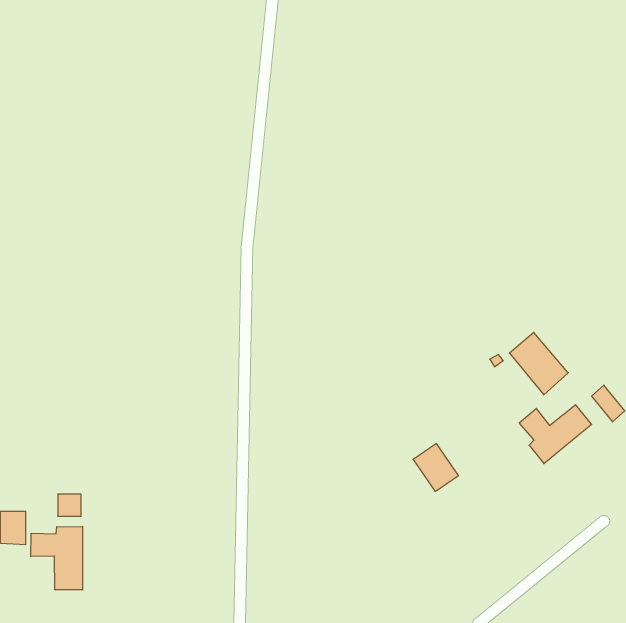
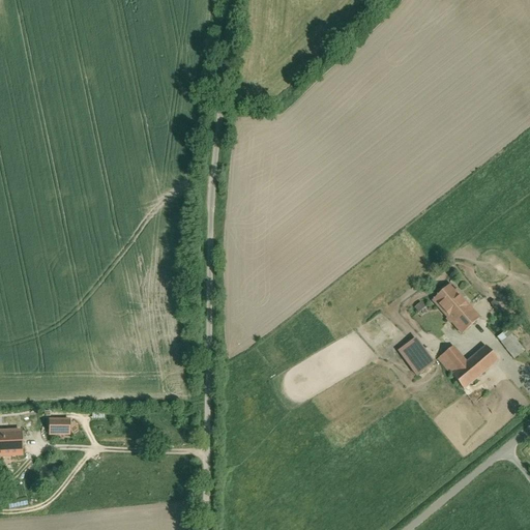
building: [413,444,458,491] -> [394,334,433,375]
building: [31,526,83,590] -> none

